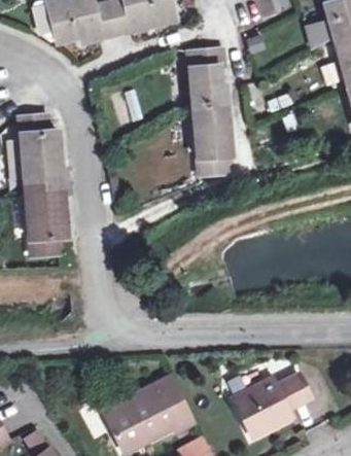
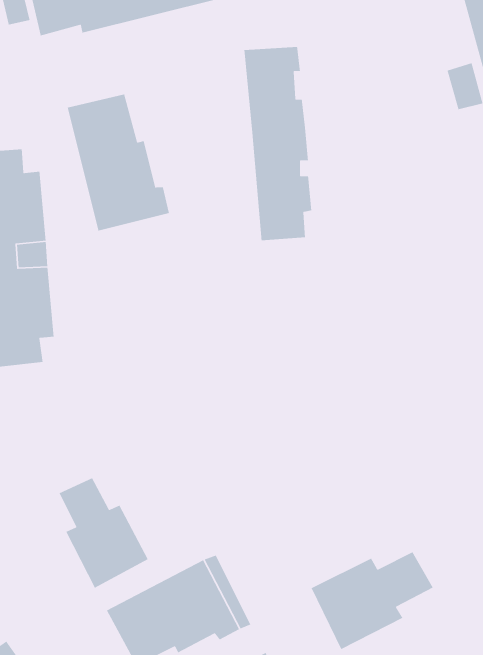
building: none -> [67,94,170,232]
building: none -> [58,477,149,589]

